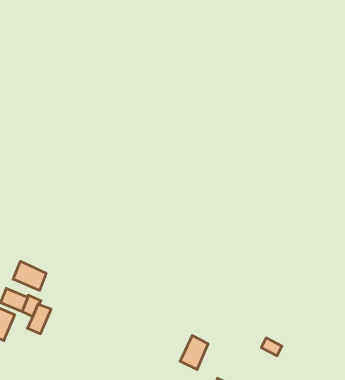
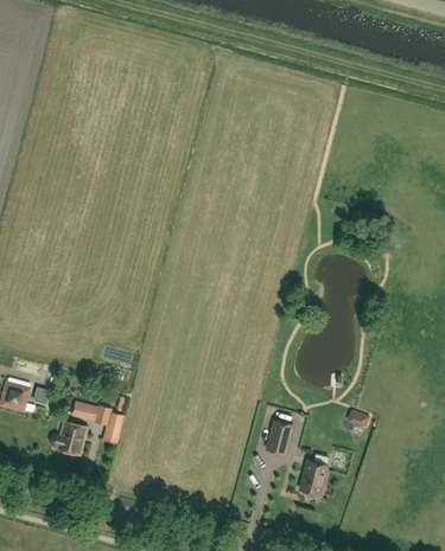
building: [13,261,46,290] -> none

